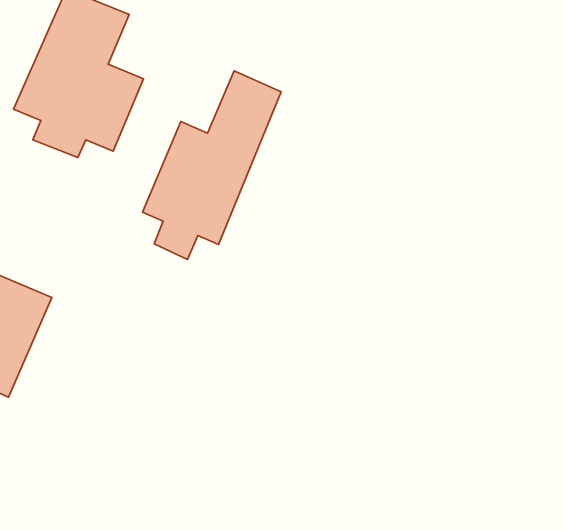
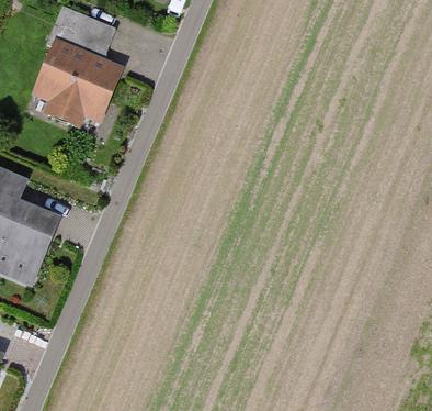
building: [143,71,281,259] -> none

